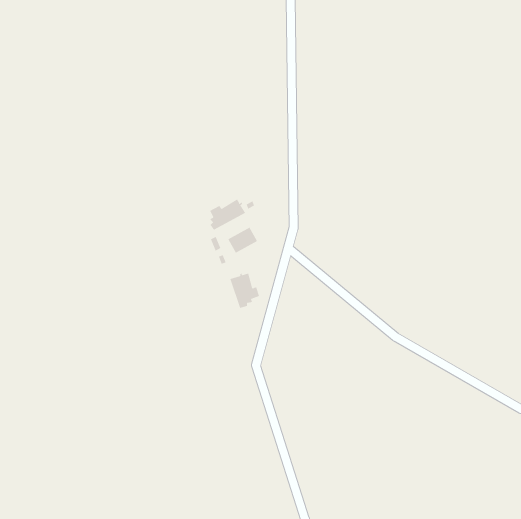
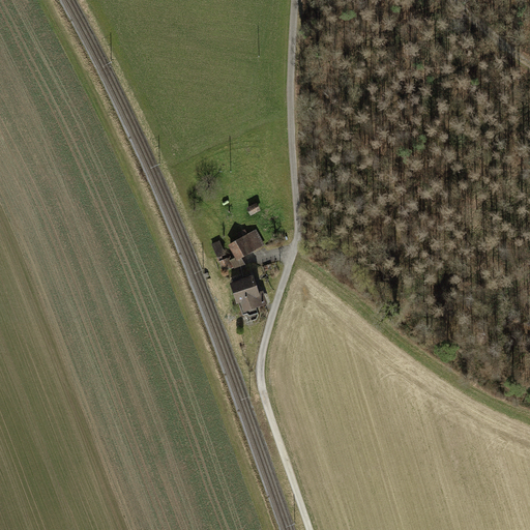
building: [210,198,246,230] -> none

